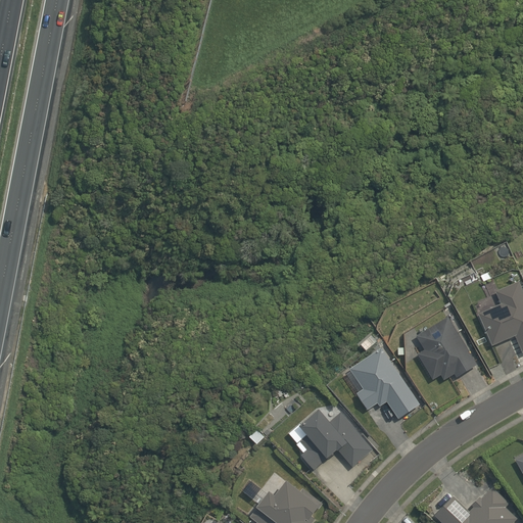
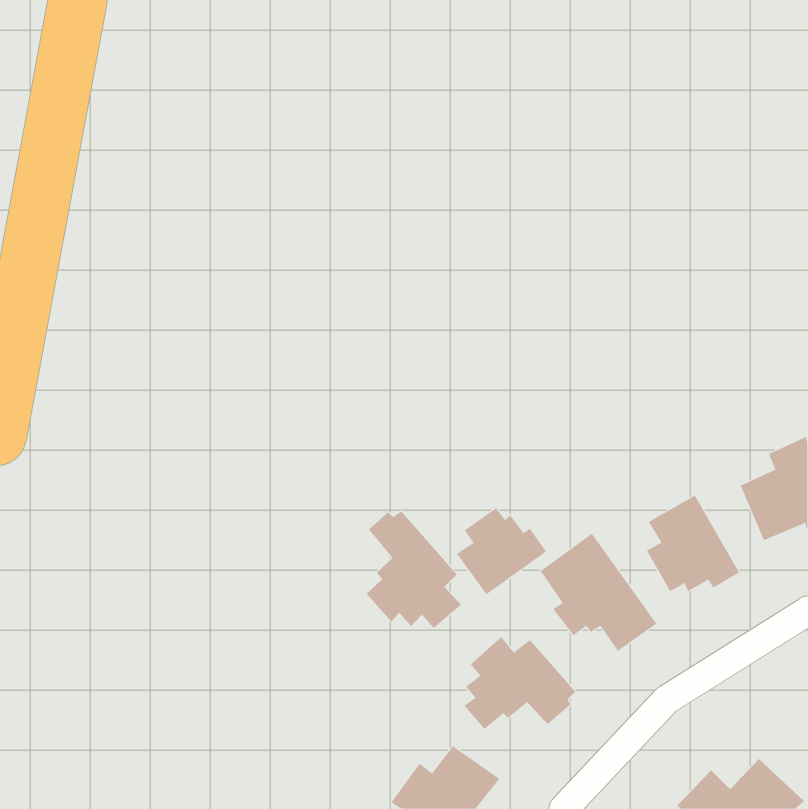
building: none -> [456,507,547,595]
building: none -> [366,511,462,629]

